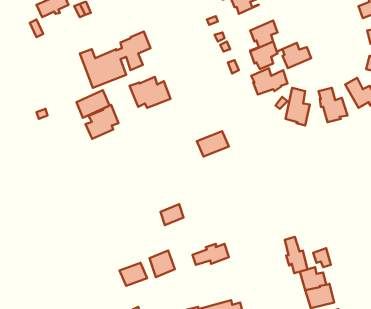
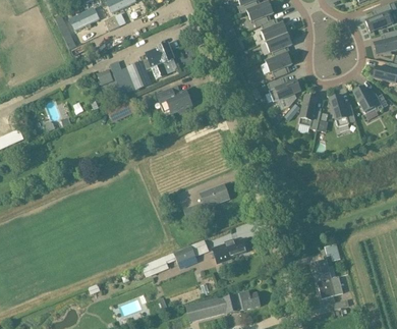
building: [277,43,311,68] -> [256,18,287,42]
building: [85,105,118,139] -> none
building: [197,131,229,157] -> [200,183,229,207]
building: [285,237,307,273] -> none

